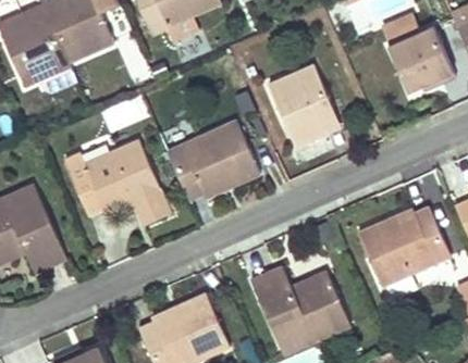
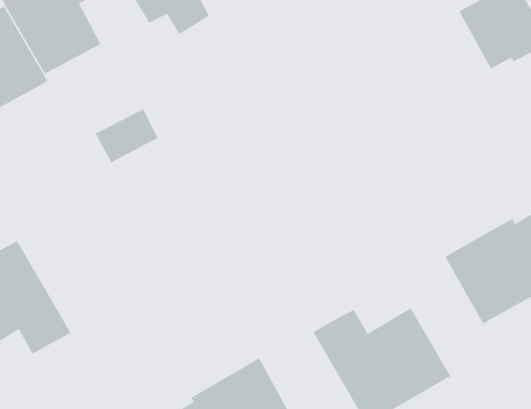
building: [270,66,342,147] -> none
building: [167,120,261,199] -> none
building: [65,141,172,226] -> none

